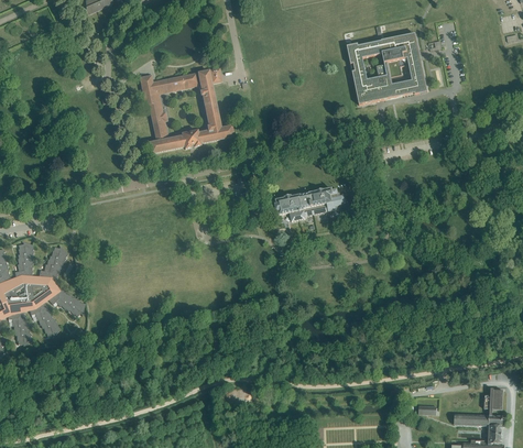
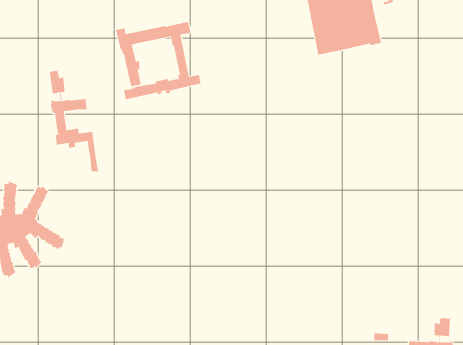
building: none -> [49,70,98,172]
building: [274,188,346,221] -> none

